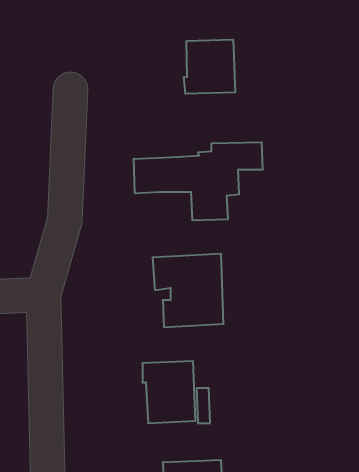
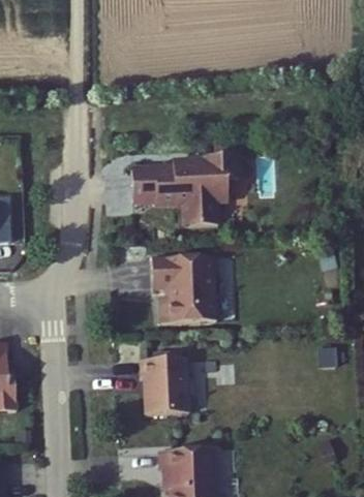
building: [184,40,235,94] -> none

